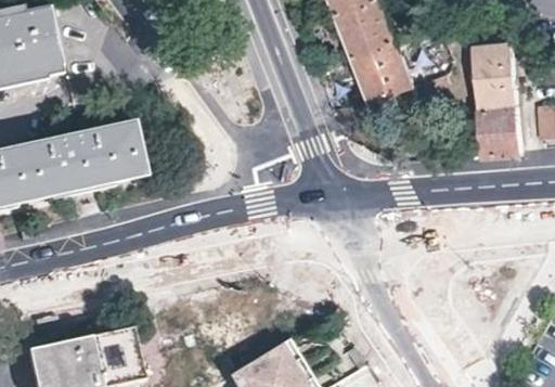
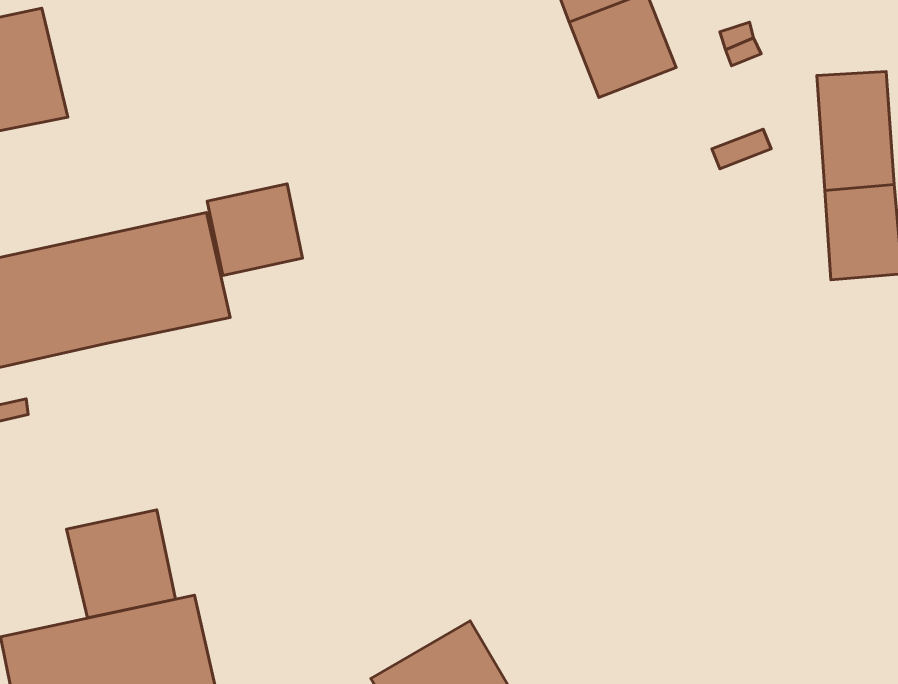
building: [352,40,412,102] -> none
building: none -> [207,184,303,276]
building: none -> [67,510,175,618]

